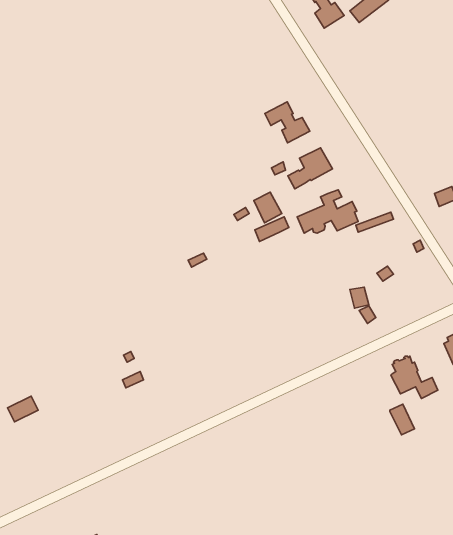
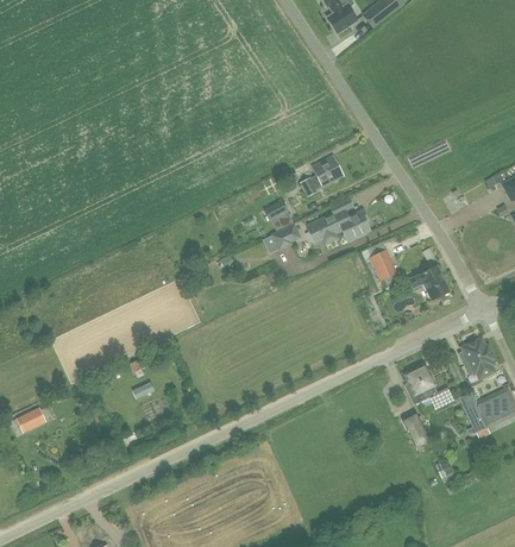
building: [265,102,310,143] -> none
building: none -> [369,249,397,281]
building: none -> [407,263,450,300]

